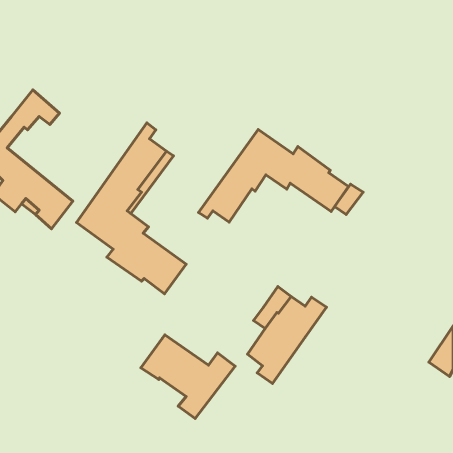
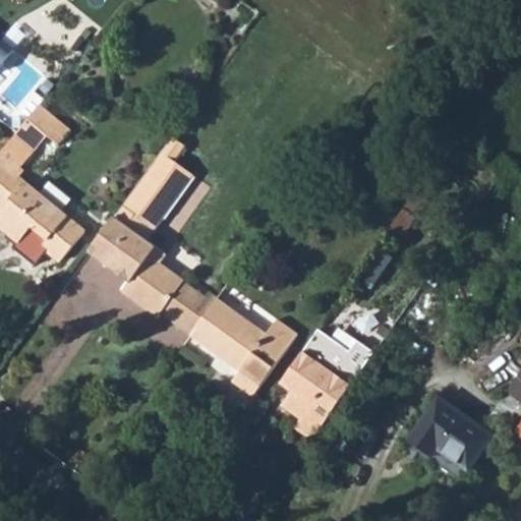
building: [199,129,348,222] -> none
building: [141,335,235,419] -> [188,298,296,394]
building: none -> [408,397,490,469]

